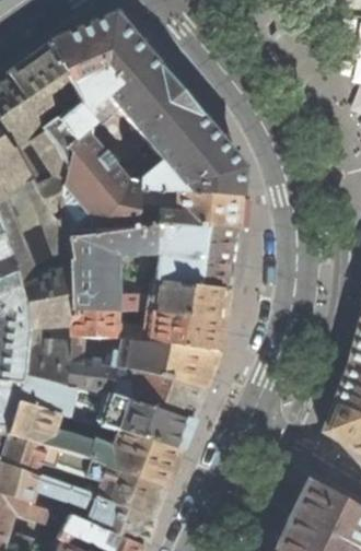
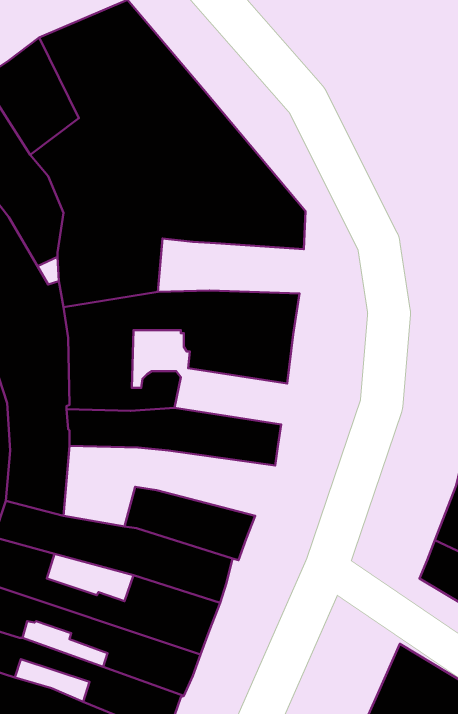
building: [135,187,240,226] -> none
building: [147,280,228,320] -> none
building: [67,336,219,394] -> none

